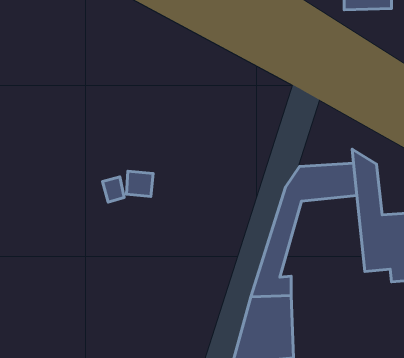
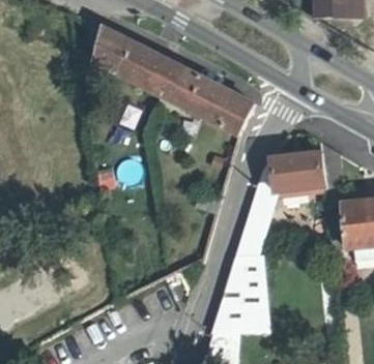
building: none -> [90,23,258,135]

